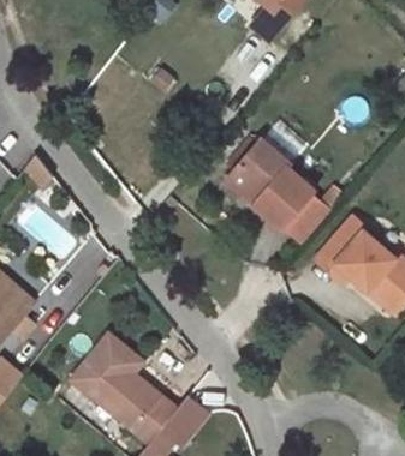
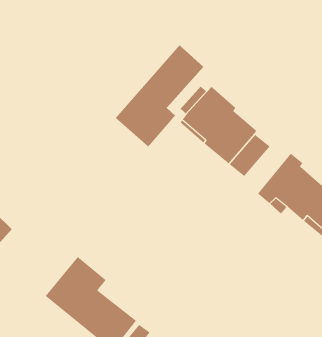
building: none -> [115,45,204,147]

